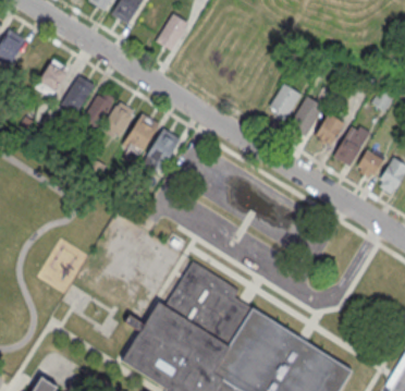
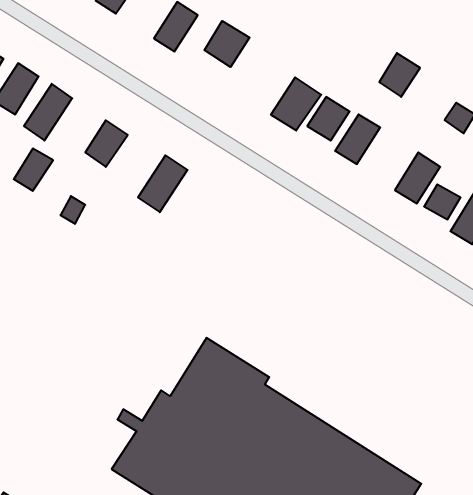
building: none -> [204,21,250,67]
building: none -> [271,77,321,131]
building: [85,95,114,126] -> [14,149,53,191]
building: [122,112,159,155] -> none
building: [316,113,346,146] -> [379,53,420,97]

